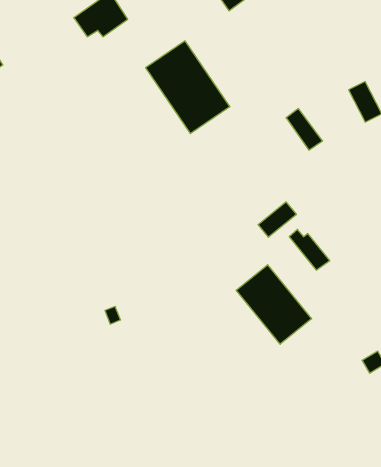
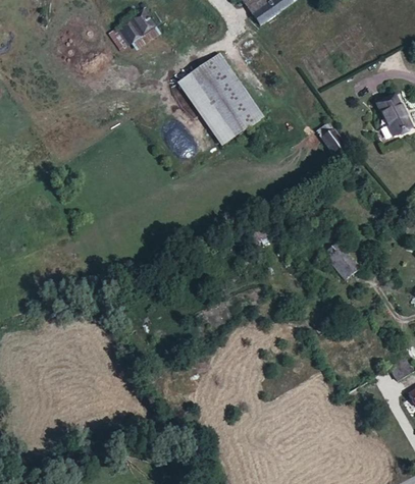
building: [258,202,296,237] -> none
building: [236,265,312,344] -> none

